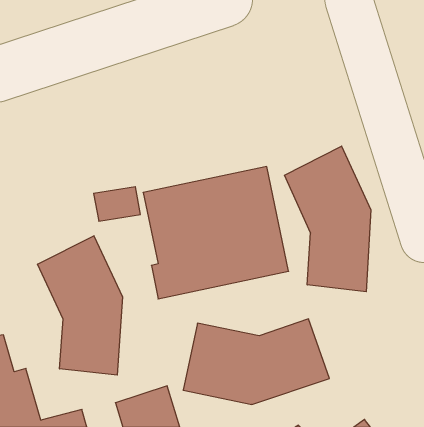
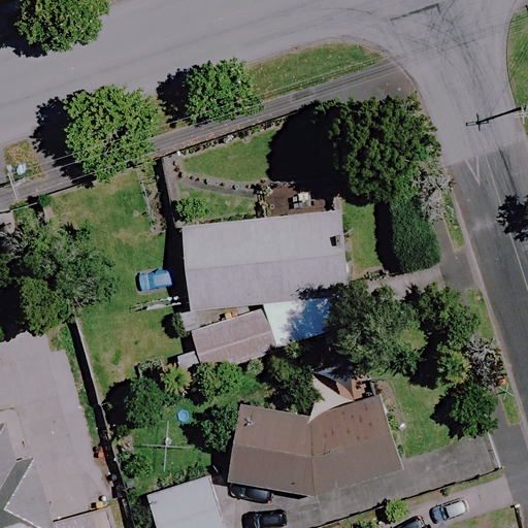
building: [284,146,371,292] -> none
building: [38,236,122,375] -> none

